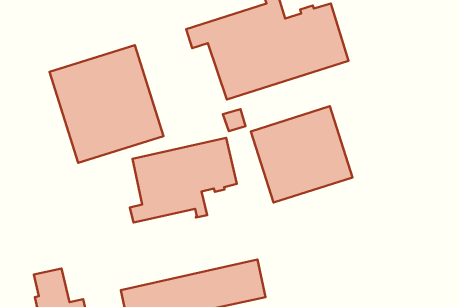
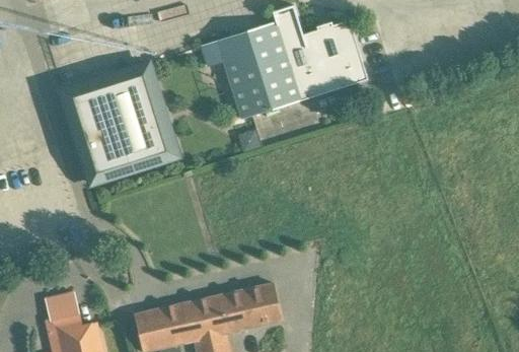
building: [251,106,352,202] -> none
building: [130,138,237,223] -> none

